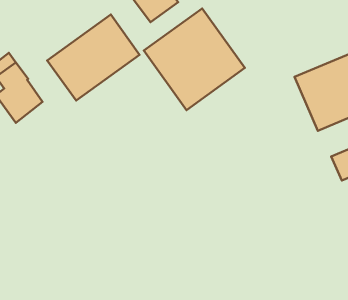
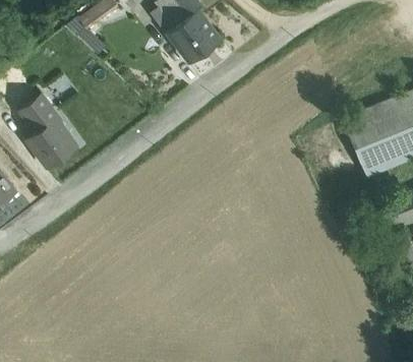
building: [144,9,245,110] -> none
building: [47,15,140,101] -> none

